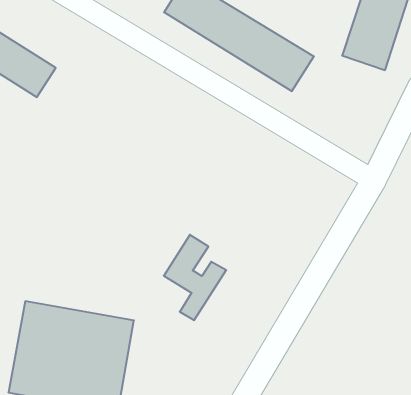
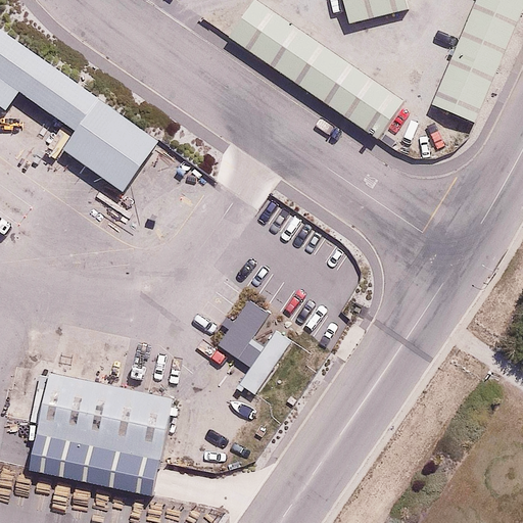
building: none -> [59,94,158,189]

